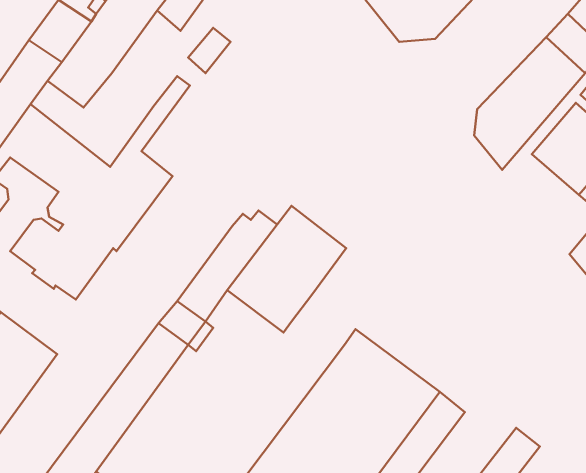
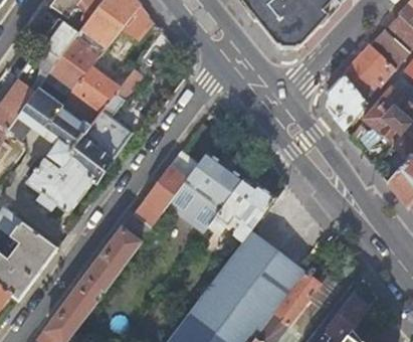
building: none -> [63,65,120,126]
building: none -> [208,178,275,240]

